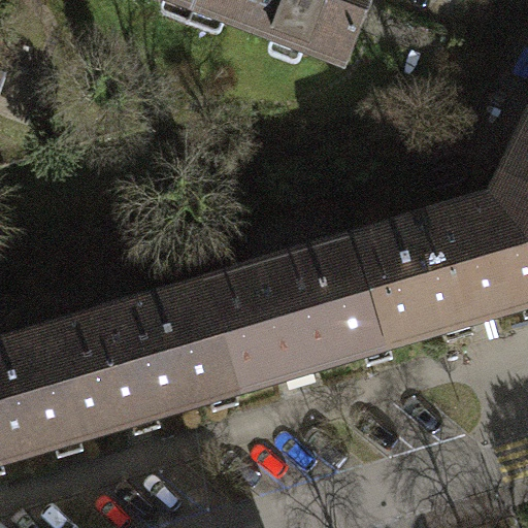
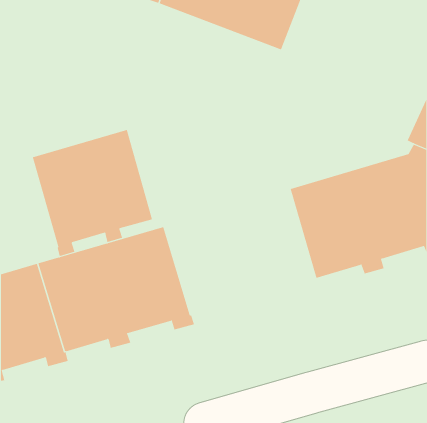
building: none -> [32,129,153,257]
building: [202,233,394,389] -> none

